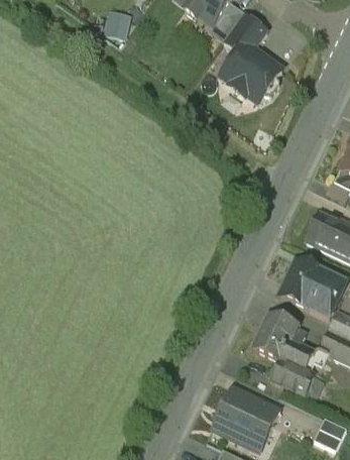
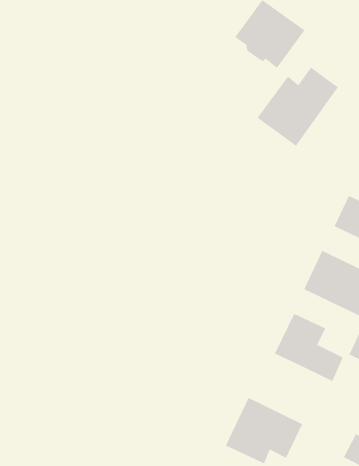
building: none -> [257,66,339,147]
building: [271,360,314,393] -> none

